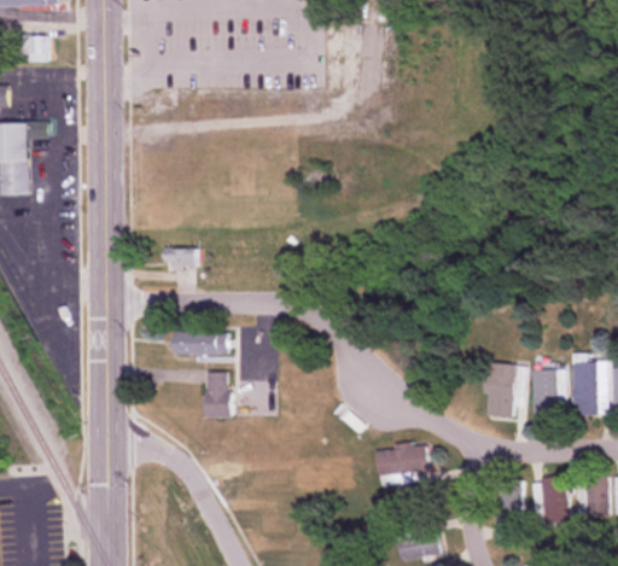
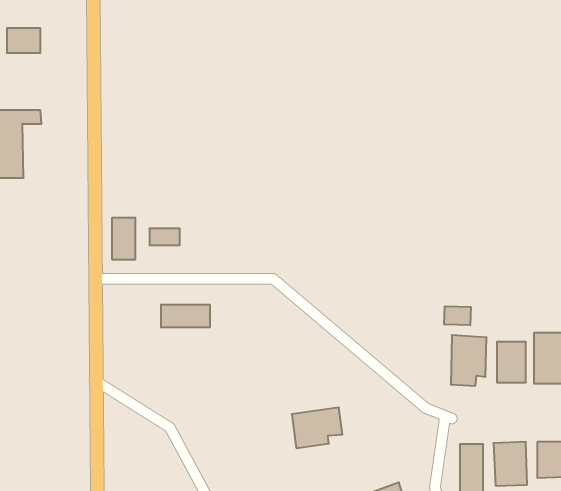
building: none -> [112,218,135,260]
building: none -> [444,306,471,325]
building: [204,372,231,418] -> none
building: [375,443,430,486] -> [292,408,342,448]

